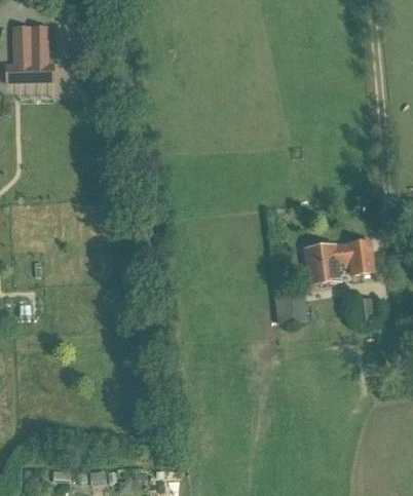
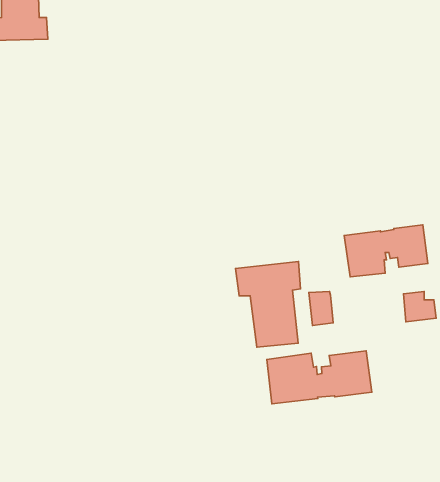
building: none -> [236,262,301,347]
building: none -> [267,351,372,404]

